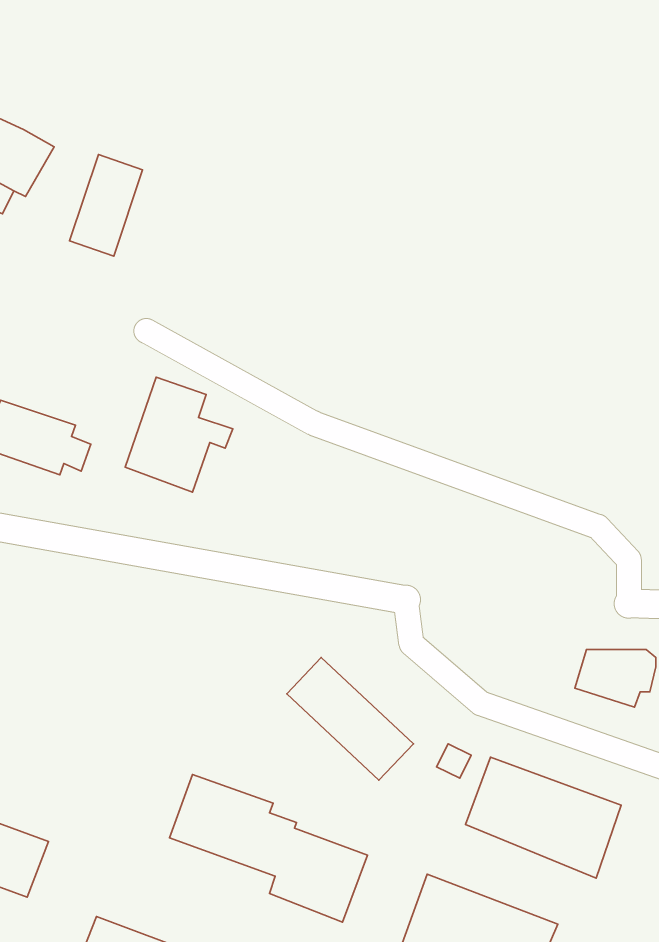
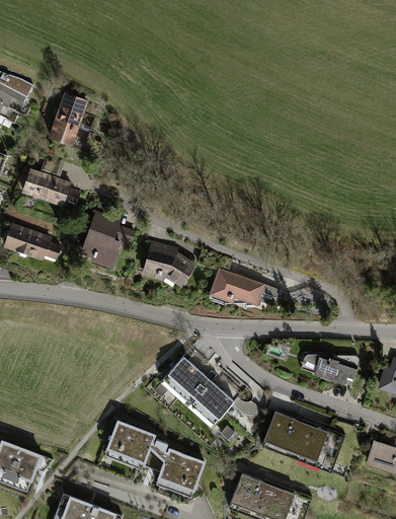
building: none -> [21,168,80,207]
building: none -> [145,245,199,288]
building: none -> [211,268,281,305]

